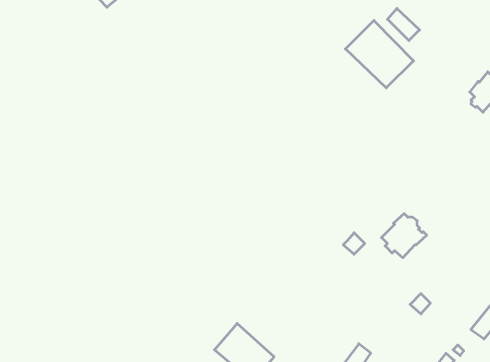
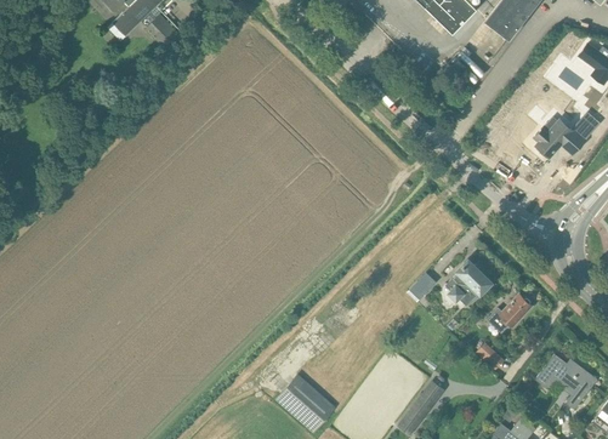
building: [345,20,414,88] -> none
building: none -> [488,293,532,333]

